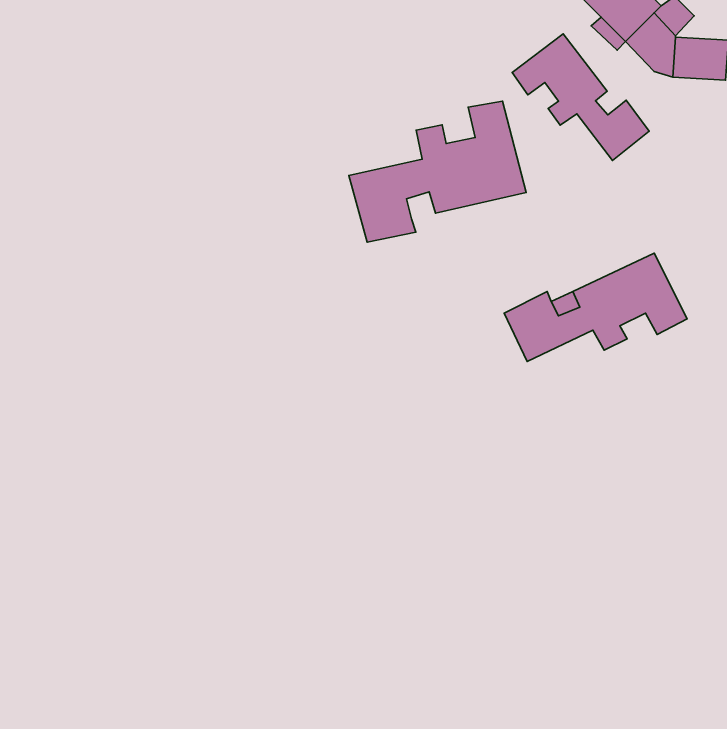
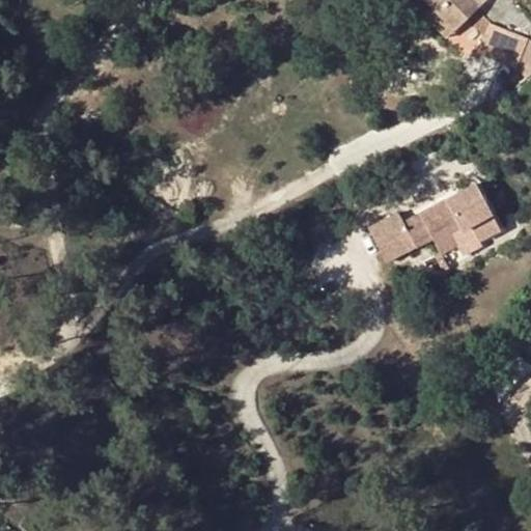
building: [512,34,649,161] -> none
building: [349,101,526,242] -> none

